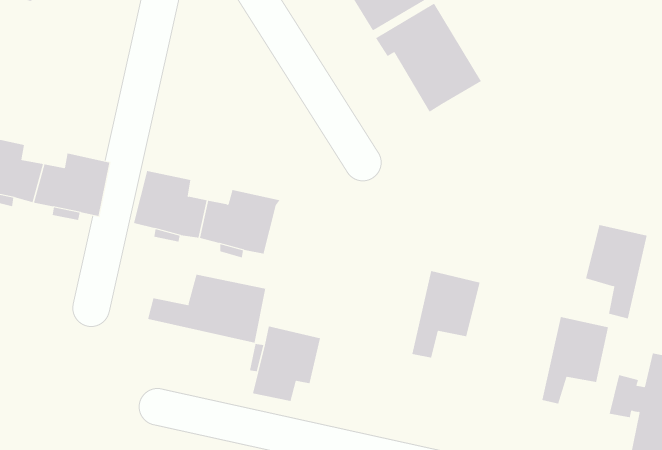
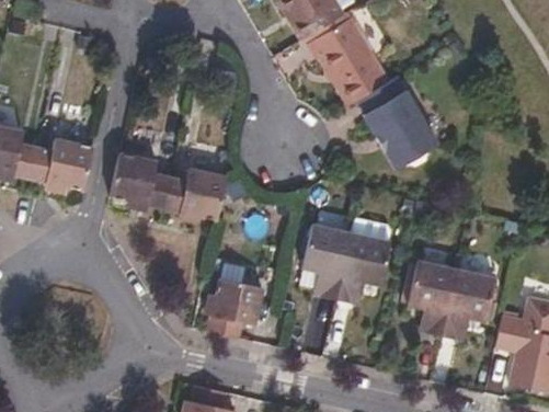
building: none -> [361,76,438,169]
building: [585,225,647,319] -> [405,261,456,337]
building: none -> [302,224,351,300]
building: [147,274,266,343] -> none

